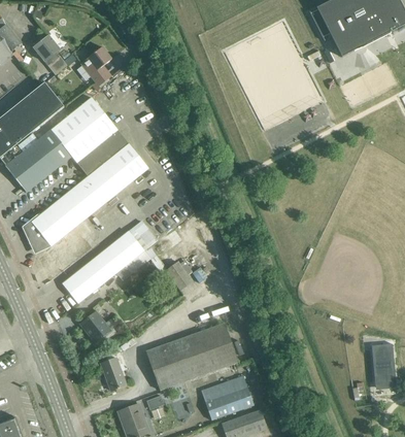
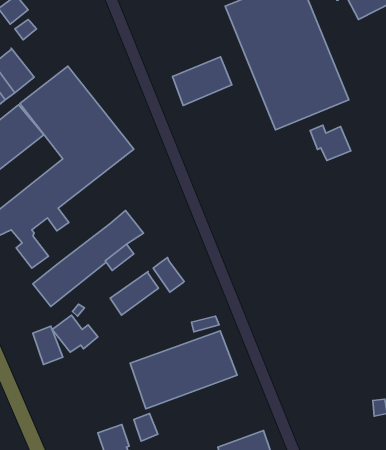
building: [79,46,110,85] -> none
building: none -> [172,57,232,105]
building: none -> [310,125,351,160]
building: none -> [110,272,158,315]
building: [100,358,126,391] -> [33,326,63,364]
building: [201,375,252,419] -> none

